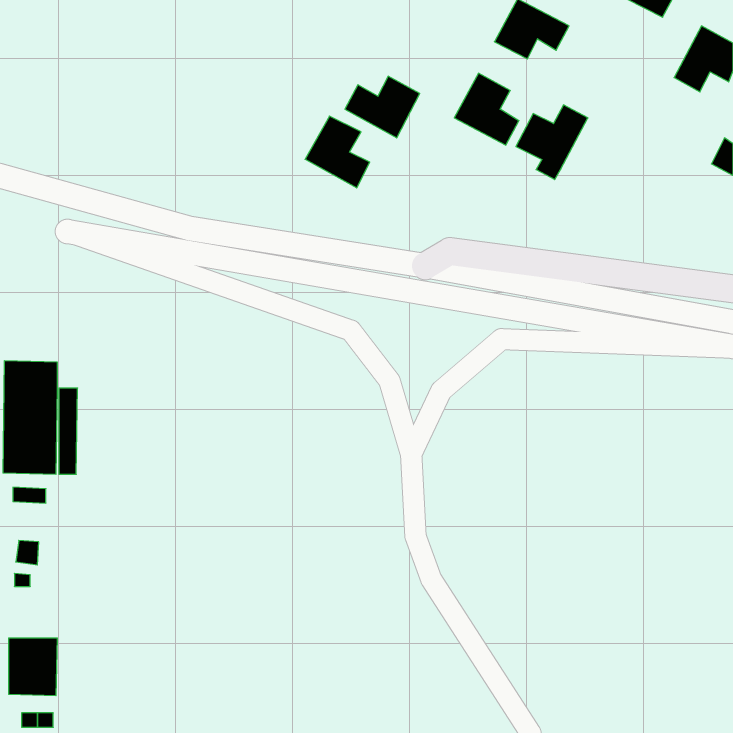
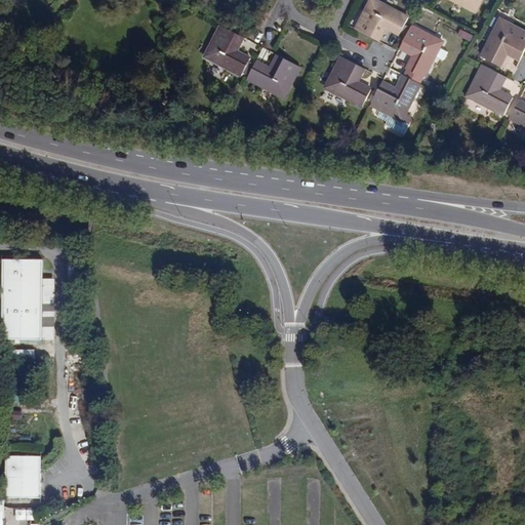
building: none -> [399,24,442,78]
building: none -> [465,64,511,115]
building: [305,116,370,188] -> [203,25,249,76]

